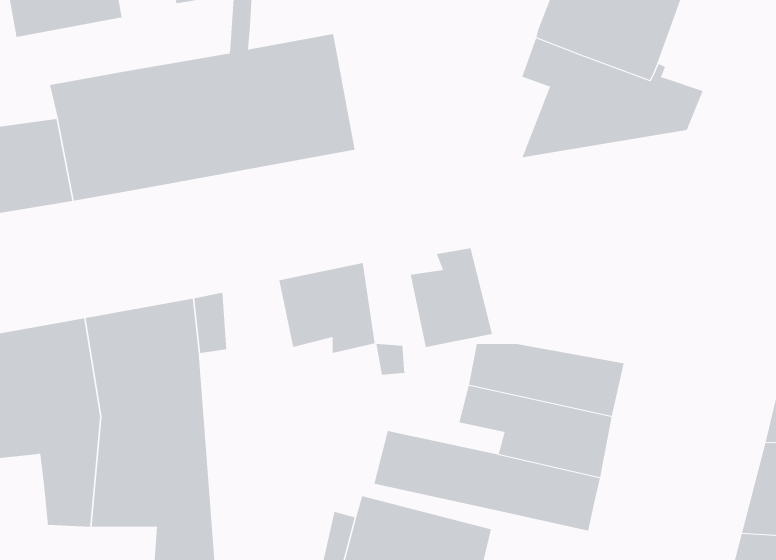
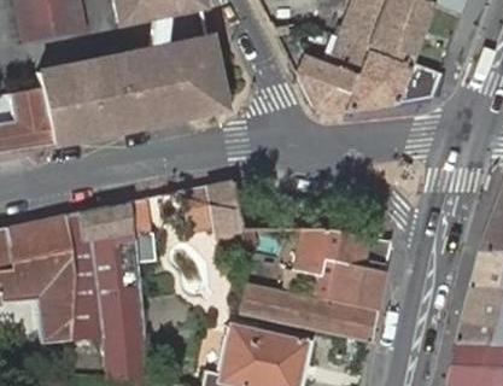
building: none -> [296,53,345,115]
building: [410,247,493,348] -> none

